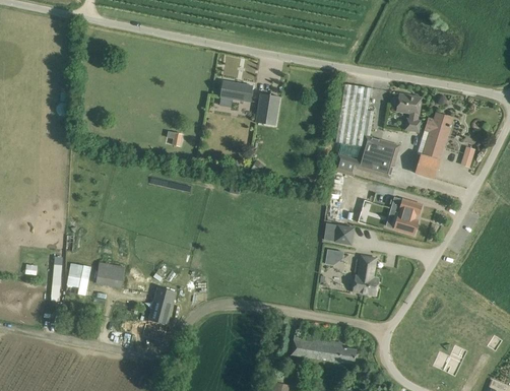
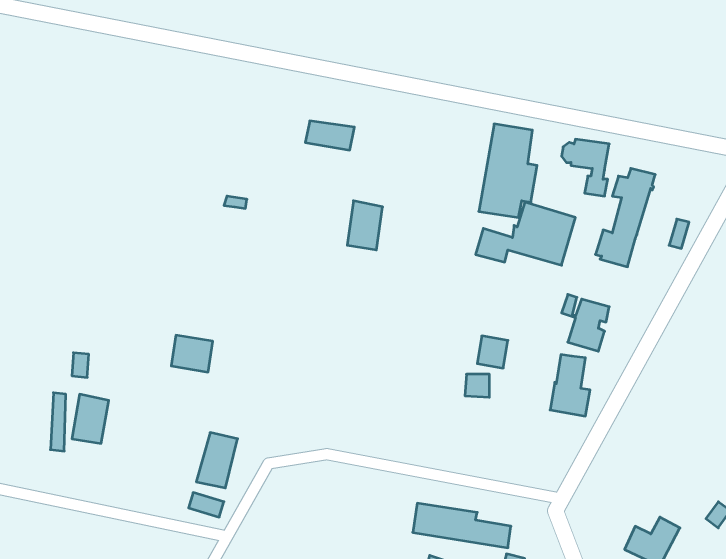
building: [256,92,279,125] -> [347,201,383,250]
building: [353,255,379,296] -> [550,355,590,416]
building: [97,262,124,286] -> [171,335,213,372]

